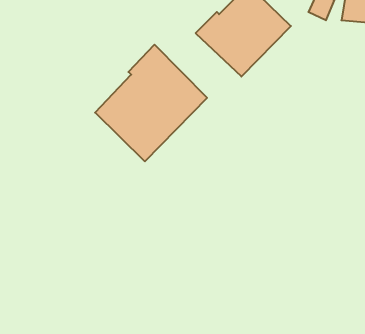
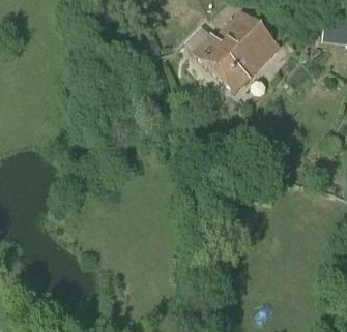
building: [95,45,207,161] -> none

